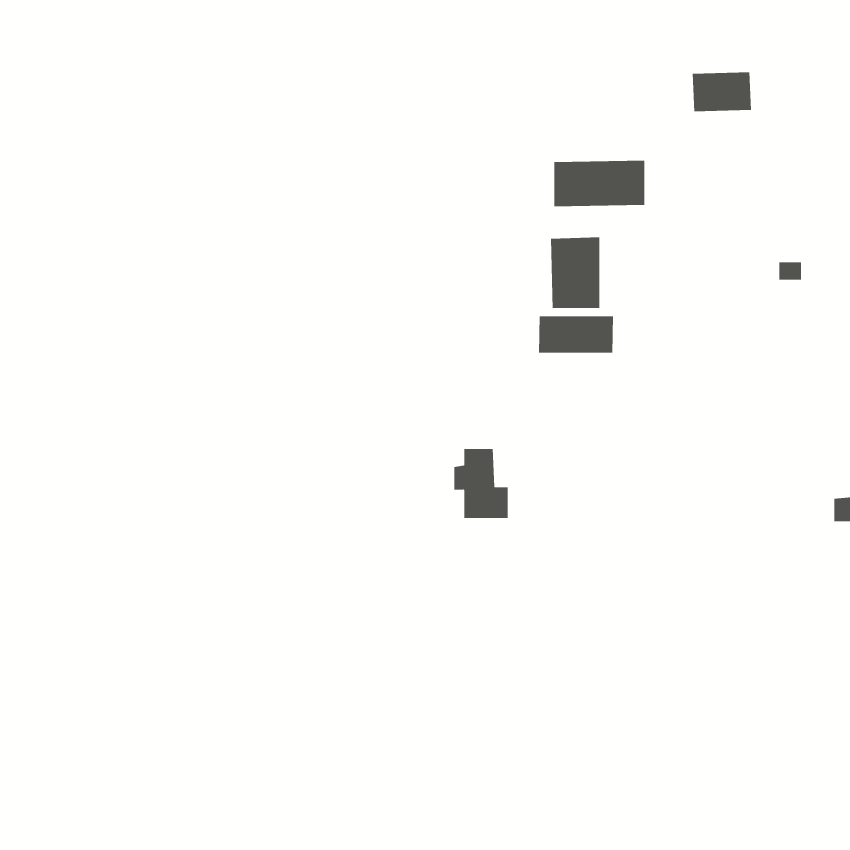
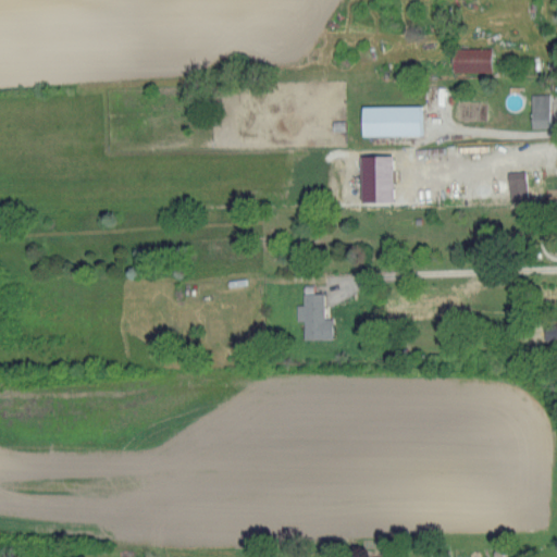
building: none -> [532,95,550,128]
building: [538,316,614,354] -> none

